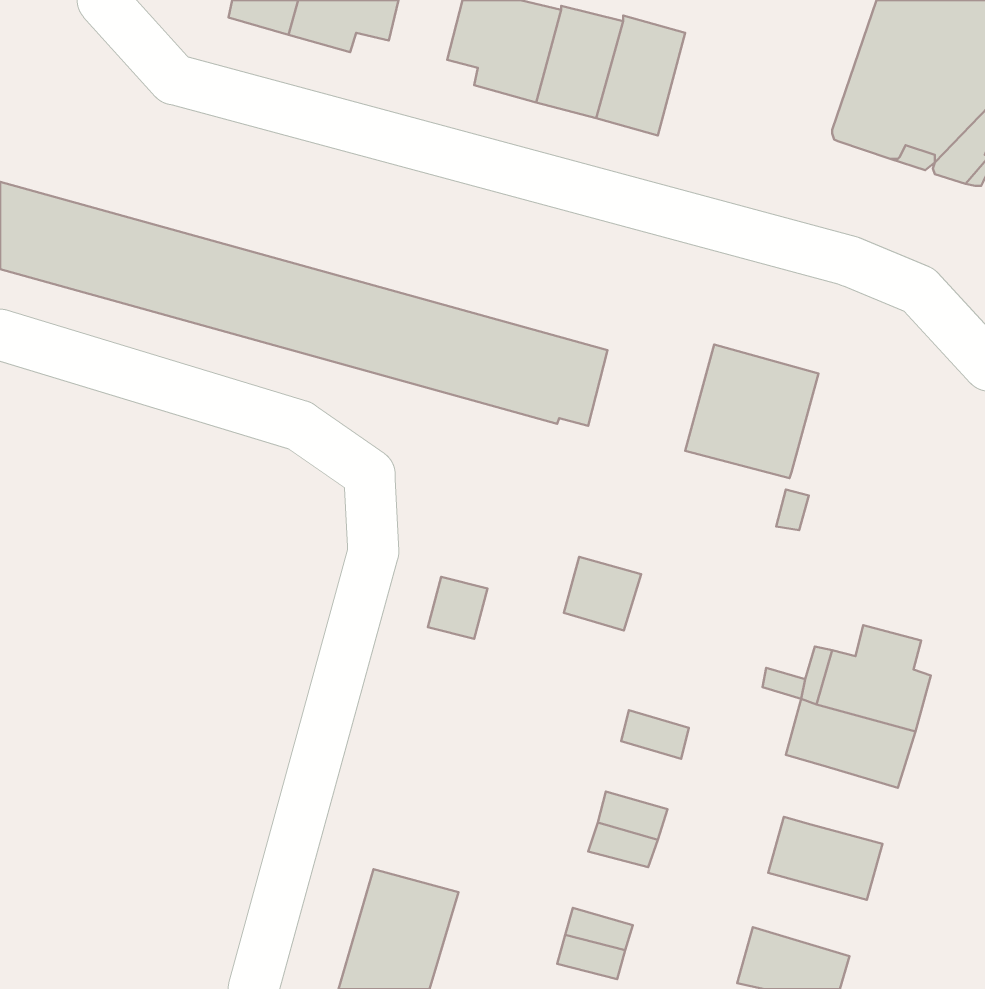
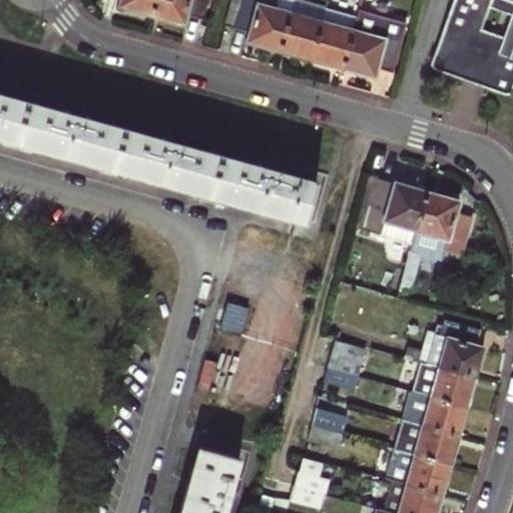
building: none -> [343,12,406,78]
building: none -> [412,193,471,258]
building: [564,557,641,630] -> [328,339,368,377]
building: none -> [422,397,467,437]
building: none -> [392,452,451,495]

